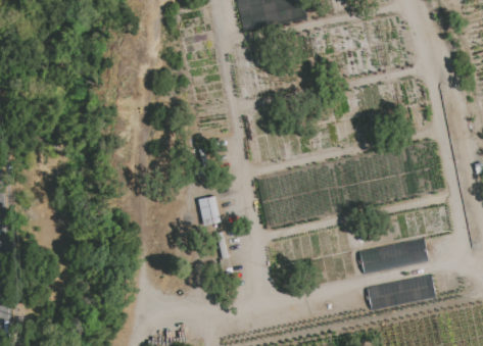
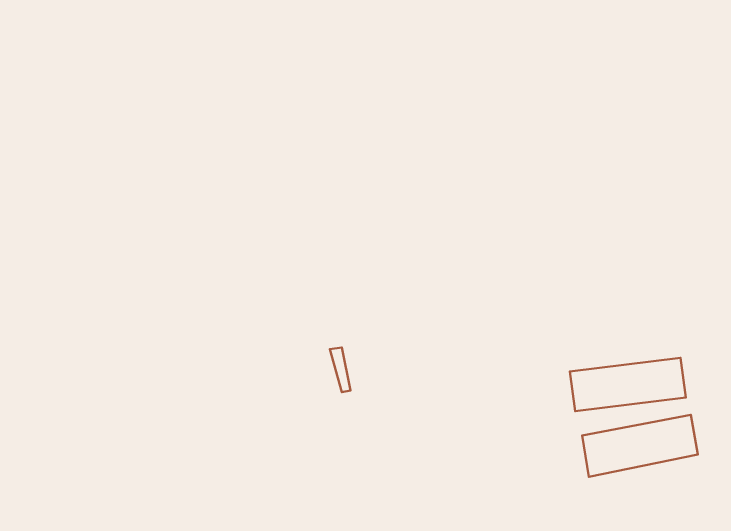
building: [198,198,222,228] -> none

